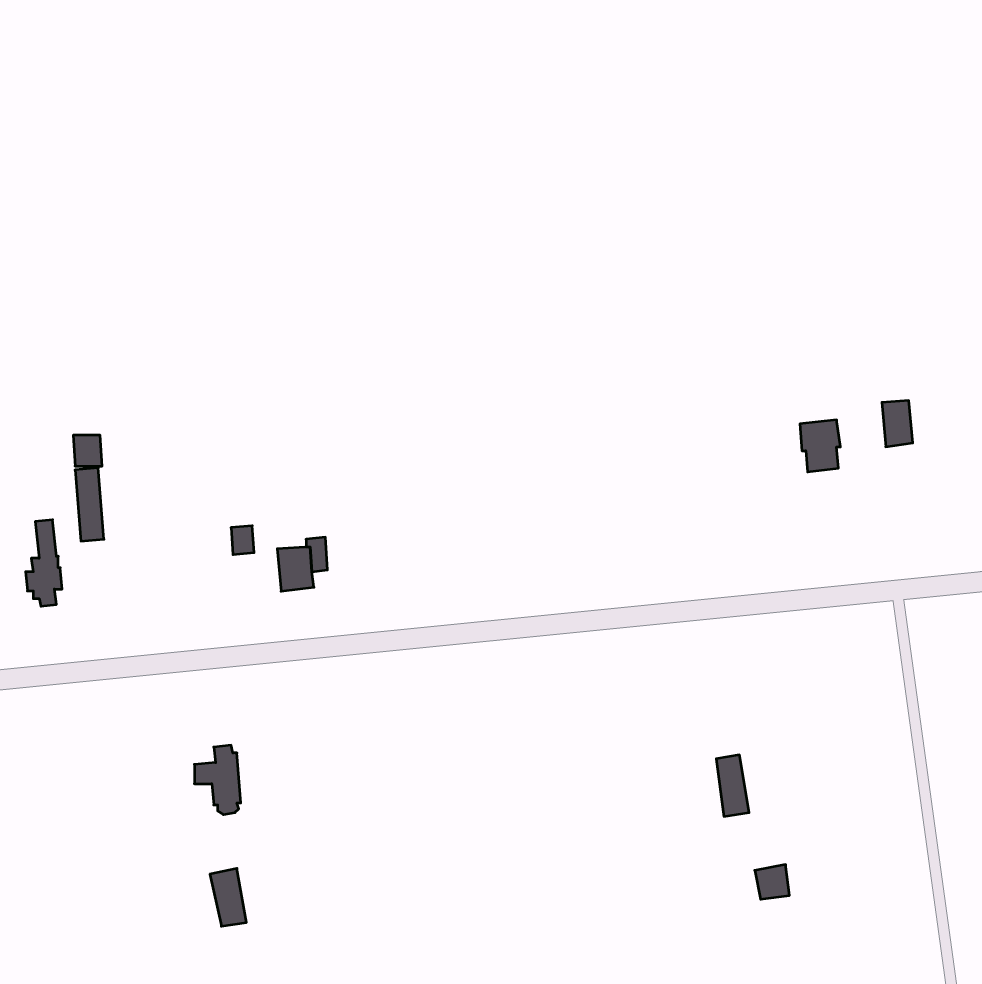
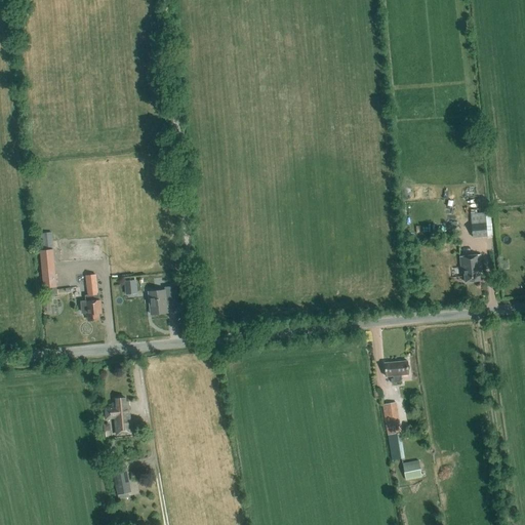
building: [800,420,840,472] -> [459,254,481,282]
building: [26,520,62,606] -> [82,274,102,320]
building: none -> [383,361,408,382]

